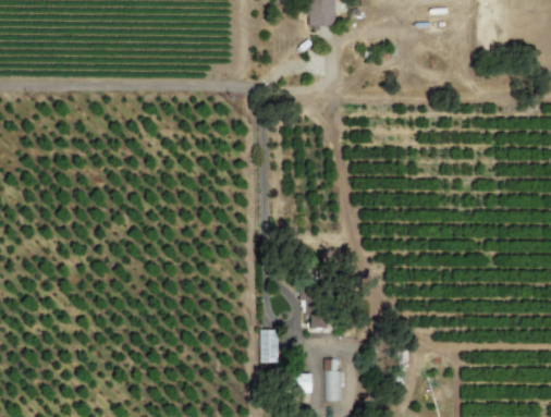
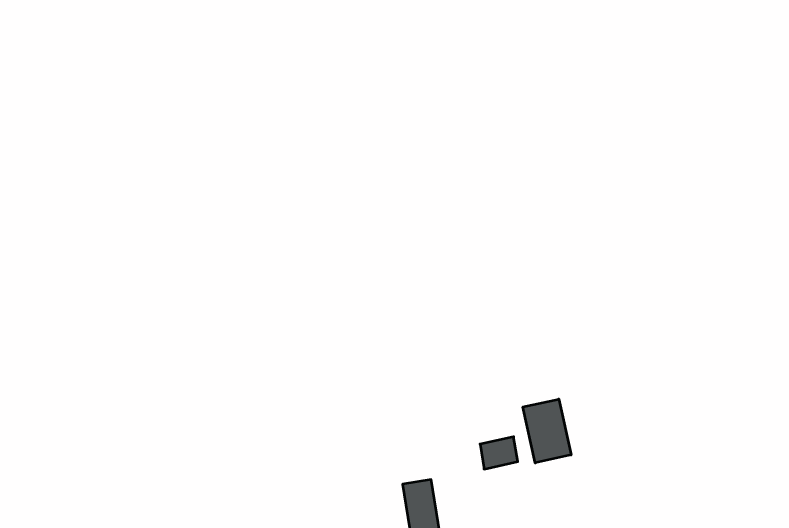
building: none -> [523,399,571,463]

